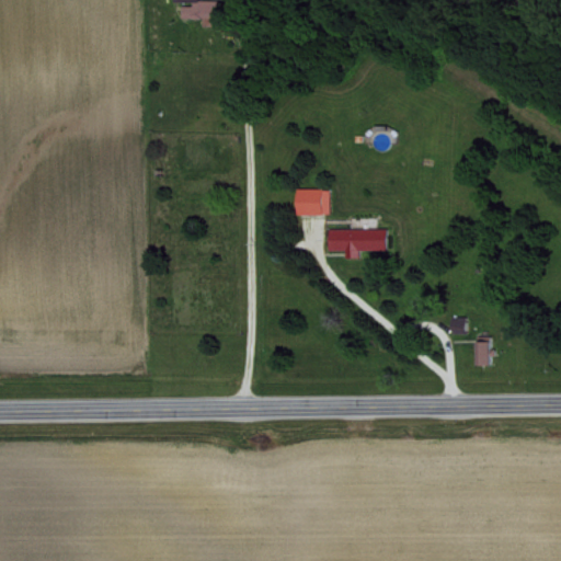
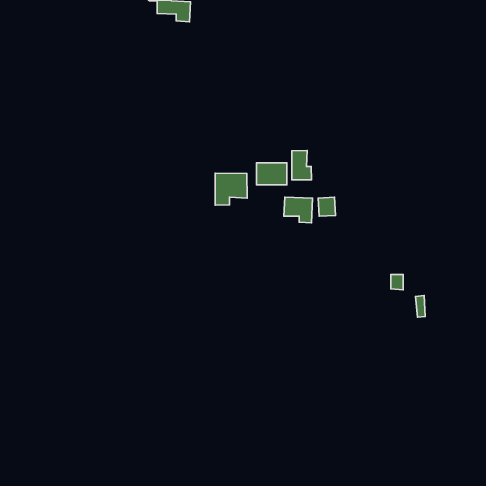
building: none -> [292,150,311,180]
building: none -> [215,173,247,205]

